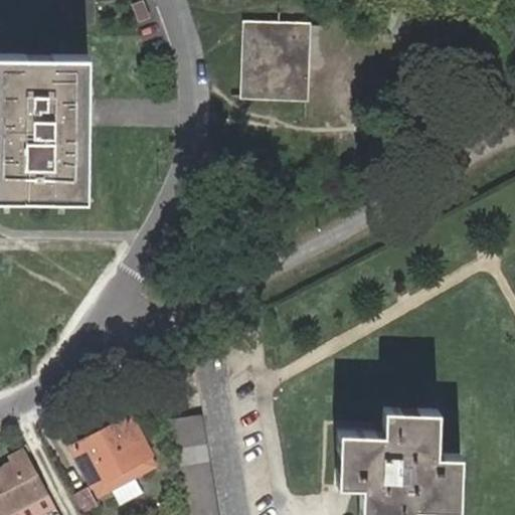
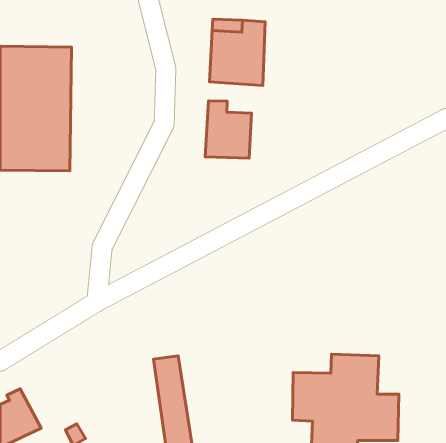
building: none -> [205,101,251,158]
building: [71,419,153,500] -> none

